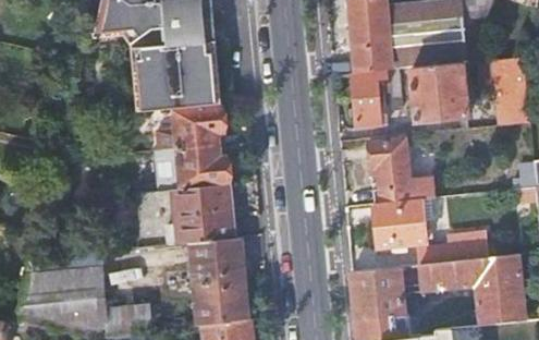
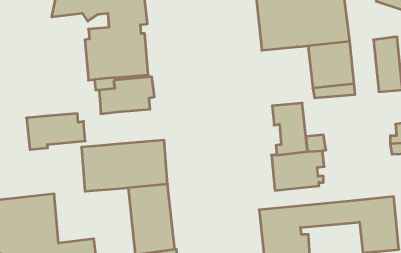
building: [351,69,403,127] -> none
building: [154,146,226,191] -> [26,114,85,150]
building: [419,231,488,264] -> none

